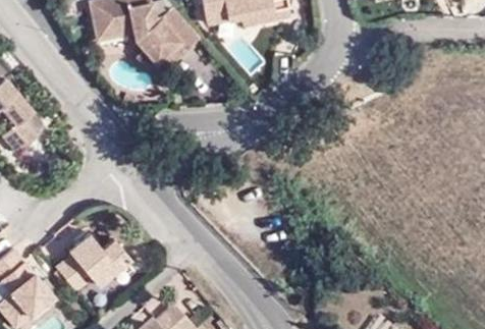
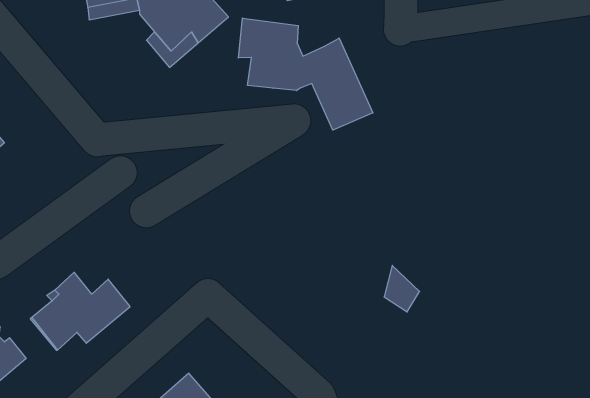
building: none -> [238,18,373,130]

